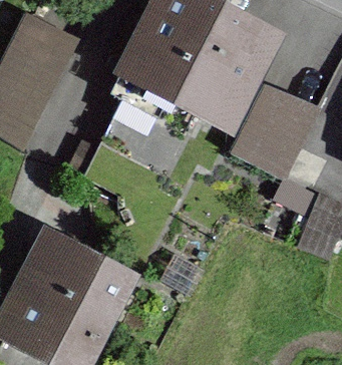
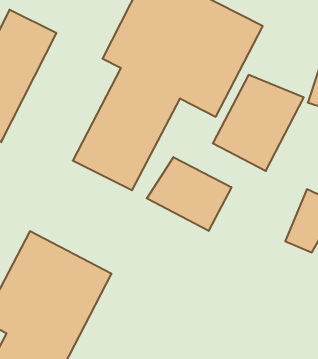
building: none -> [147,157,231,231]

